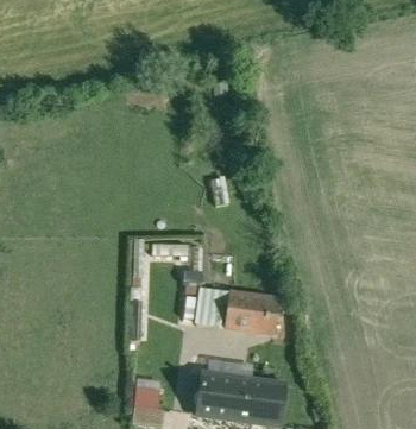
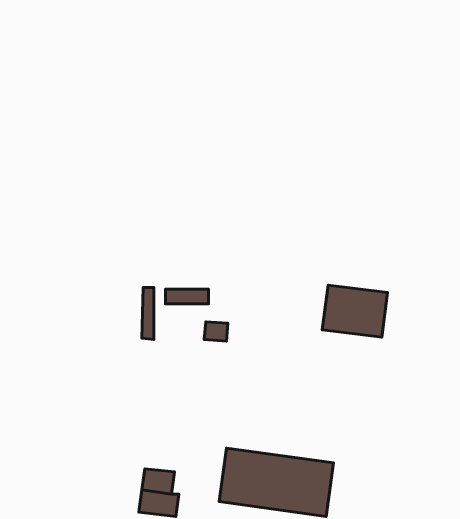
building: [195,288,226,327] -> none
building: [227,291,279,333] -> [322,285,388,337]

